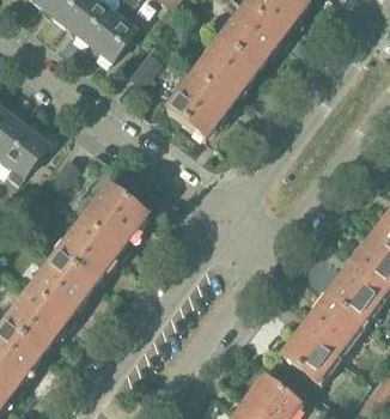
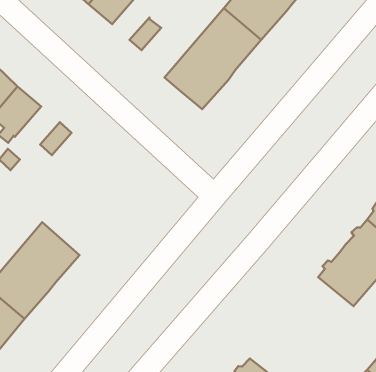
building: [54,187,146,287] -> none
building: [280,296,361,382] -> none

